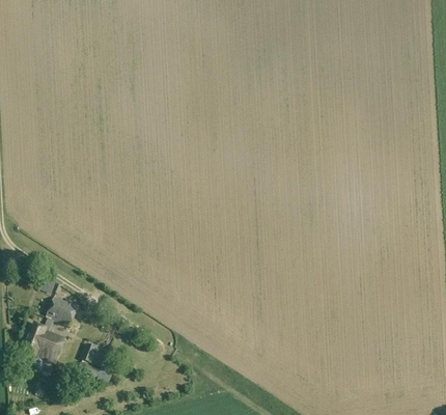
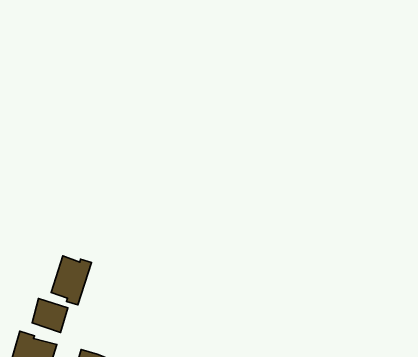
building: none -> [51,256,92,305]

